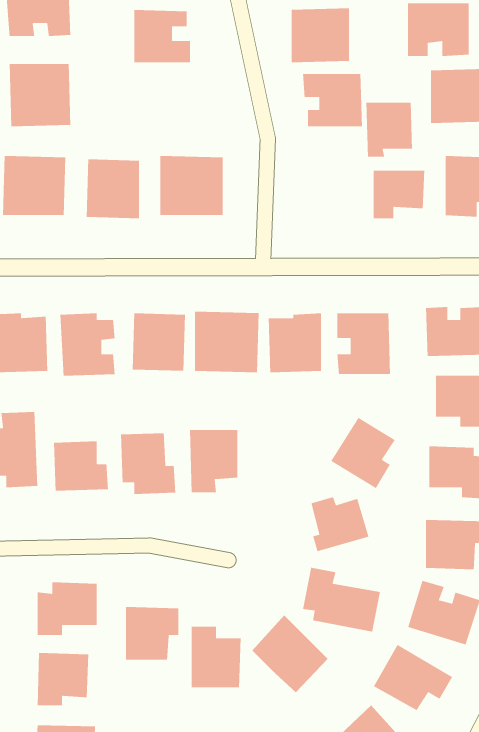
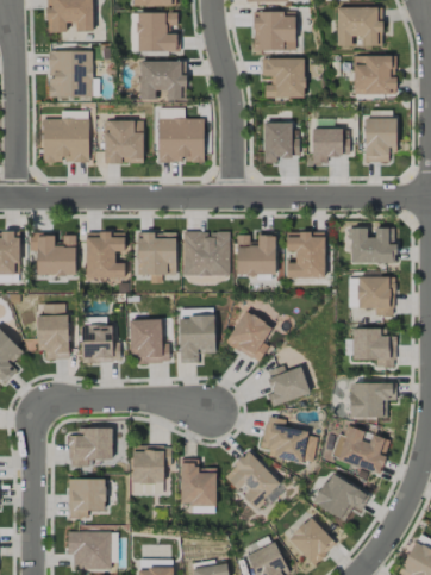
building: none -> [139,61,186,100]
building: [365,102,413,158] -> [263,123,298,163]
building: [330,417,396,489] -> [225,311,273,363]

